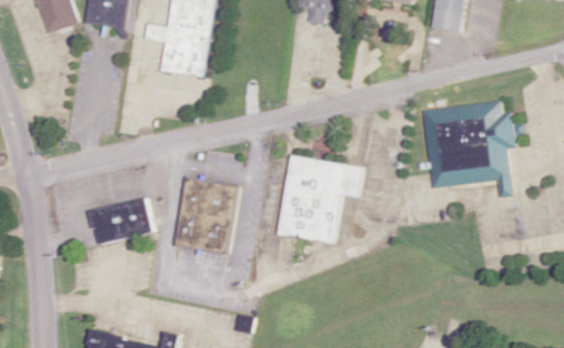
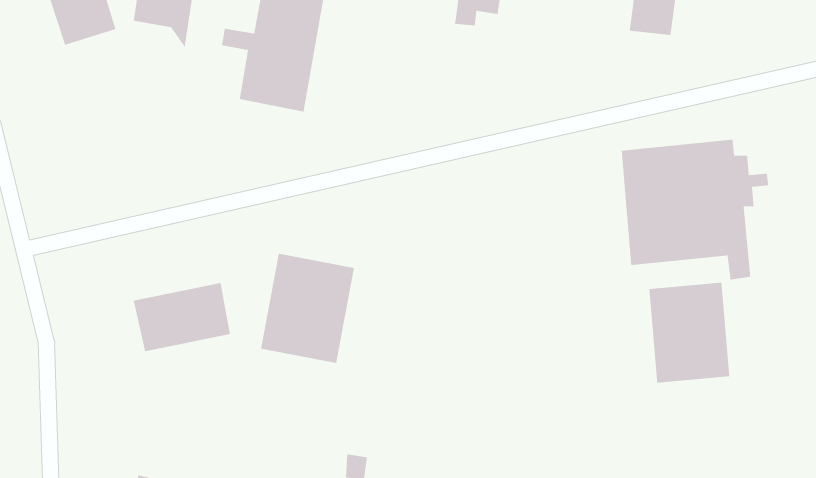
building: [278,155,361,242] -> none
building: none -> [649,282,730,383]

